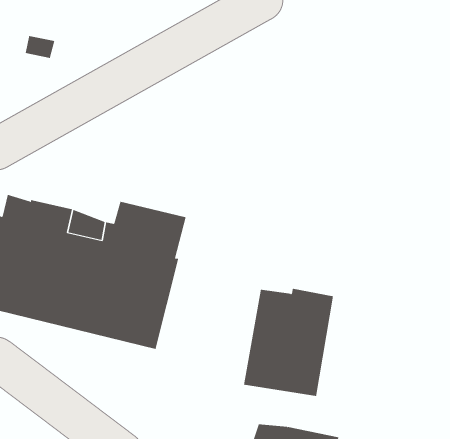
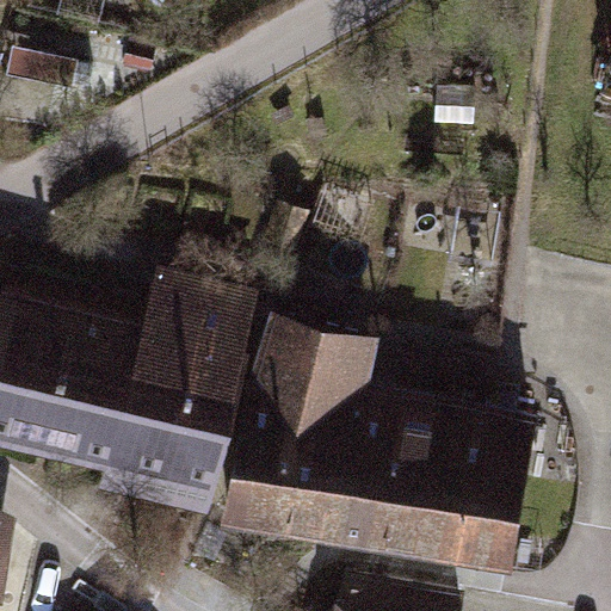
building: none -> [224,323,366,537]
building: none -> [426,418,529,566]

